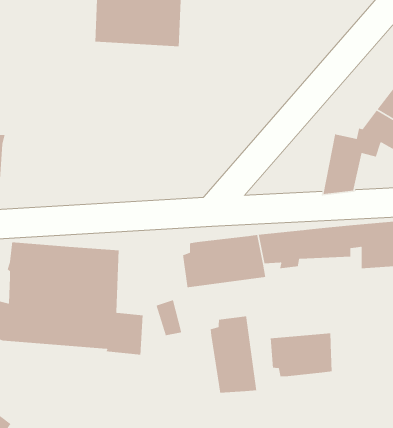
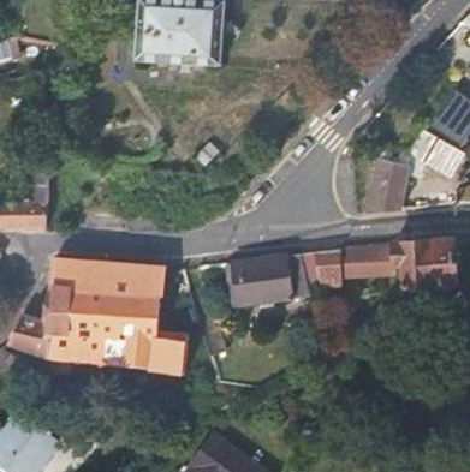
building: [210,316,257,393] -> none
building: [270,332,332,377] -> none

